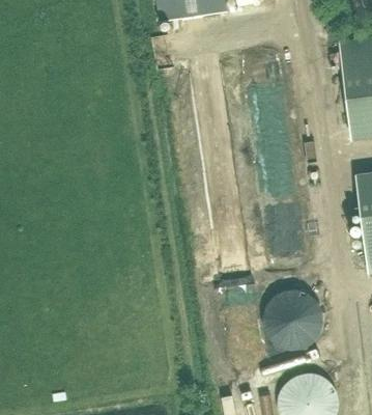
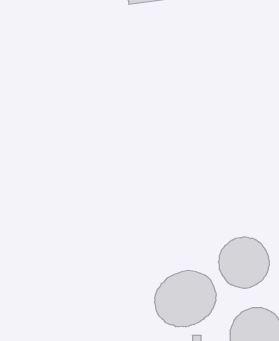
building: none -> [155,270,216,327]

